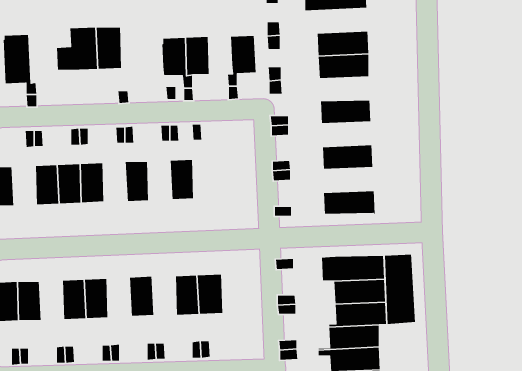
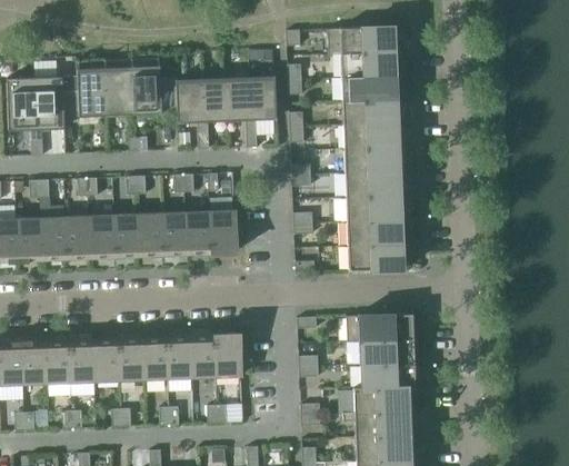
building: none -> [328,49,396,76]
building: none -> [131,60,177,113]
building: none -> [34,76,64,129]
building: none -> [226,79,251,120]
building: none -> [343,122,398,148]
building: none -> [346,170,400,197]
building: none -> [209,209,237,252]
building: none -> [161,211,187,255]
building: none -> [113,212,139,256]
building: none -> [17,217,42,260]
building: none -> [348,219,402,246]
building: [384,254,416,325] -> none
building: none -> [166,335,191,377]
building: none -> [118,336,143,379]
building: none -> [46,339,71,383]

